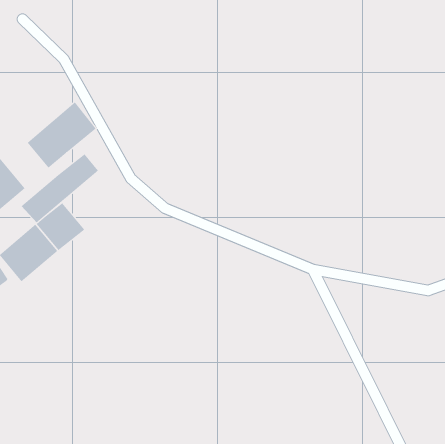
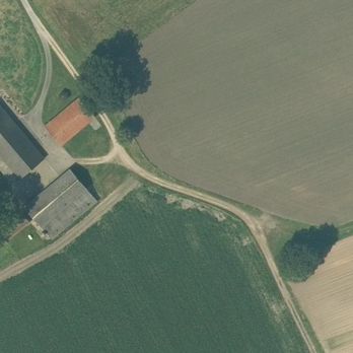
building: [21,153,99,223] -> [40,189,95,238]

